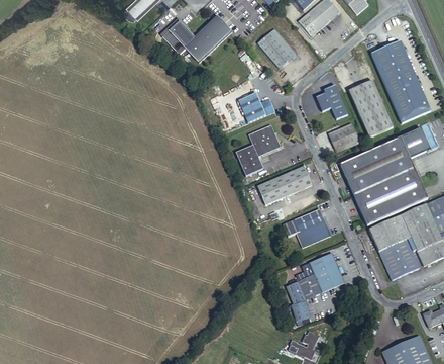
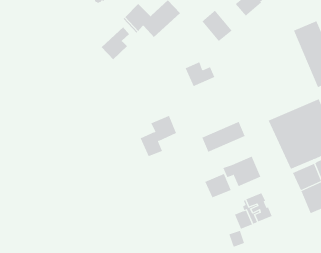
building: none -> [101,27,130,60]
building: [349,80,393,138] -> none
building: [317,85,348,119] -> none
building: [328,123,359,152] -> none
building: [234,124,280,176] -> [140,115,177,157]
building: none -> [205,173,231,198]

